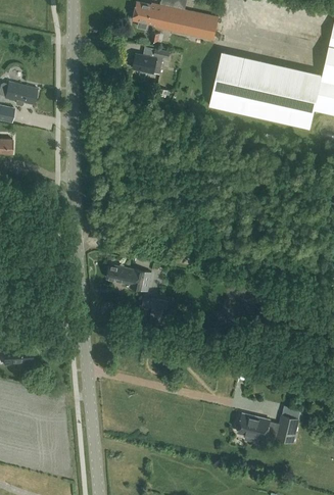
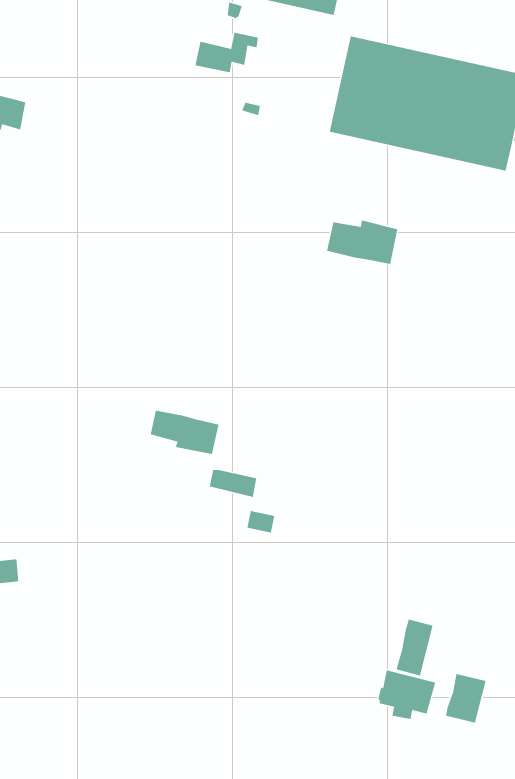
building: none -> [326,220,398,265]
building: none -> [395,619,433,676]

